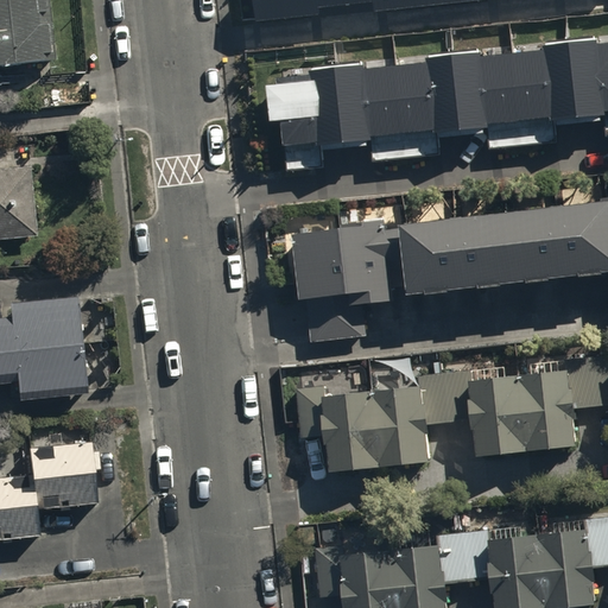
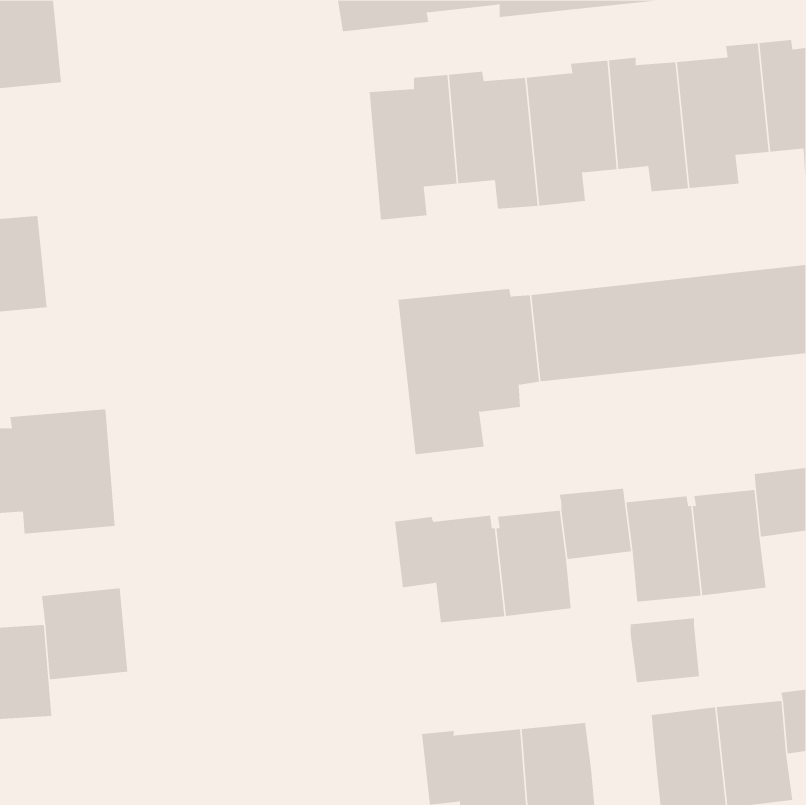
building: [439,533,492,582] -> [630,618,700,683]

